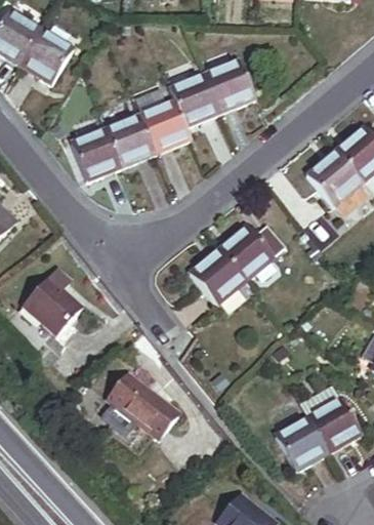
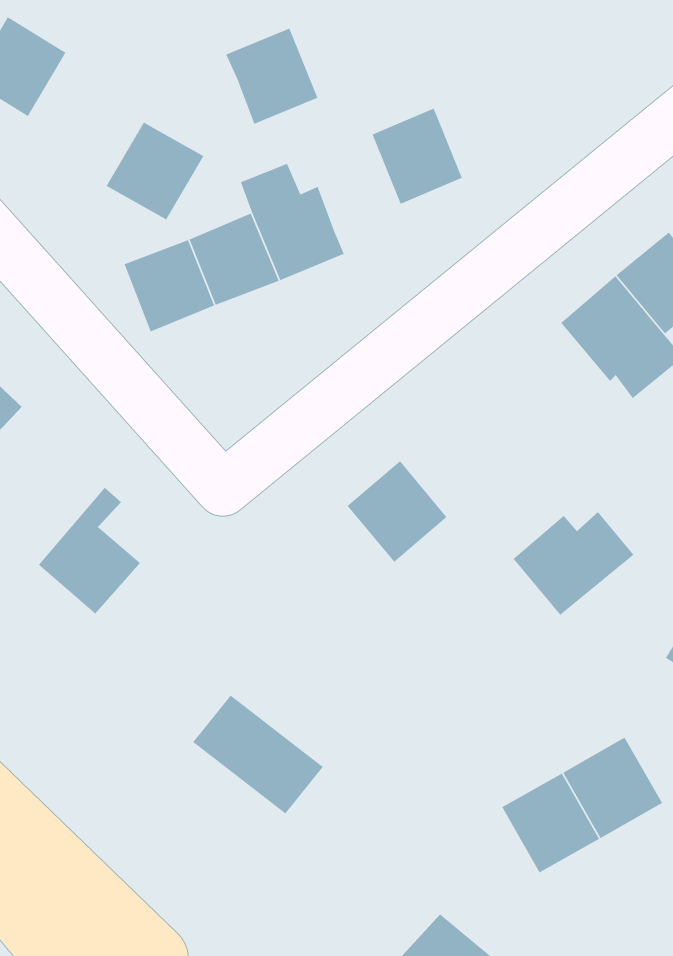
building: [19,30,73,83] -> [105,121,204,221]
building: [169,74,219,126] -> [225,28,319,125]
building: [219,224,285,280] -> [512,511,634,616]

